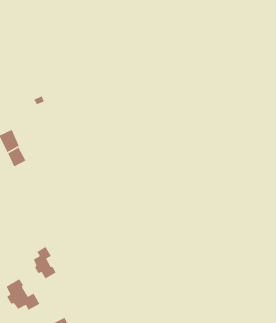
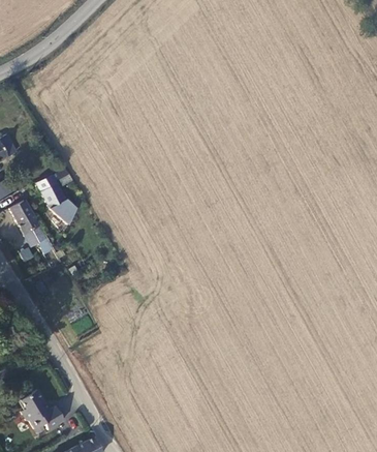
building: none -> [40,178,70,213]
building: [33,246,57,279] -> none

